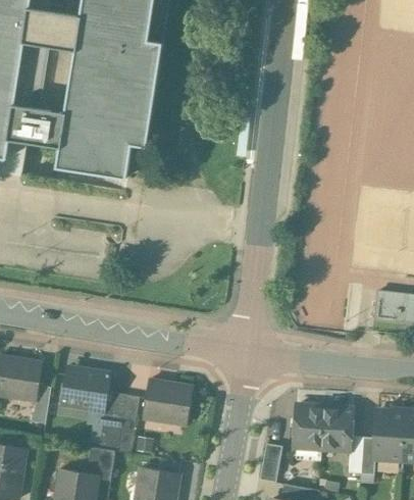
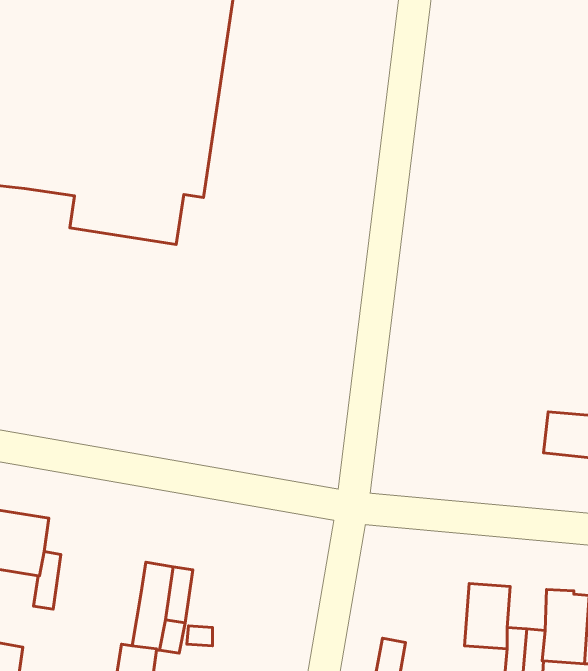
building: [61,366,111,412] -> none
building: [143,380,193,424] -> none
building: [294,404,325,448] -> none

